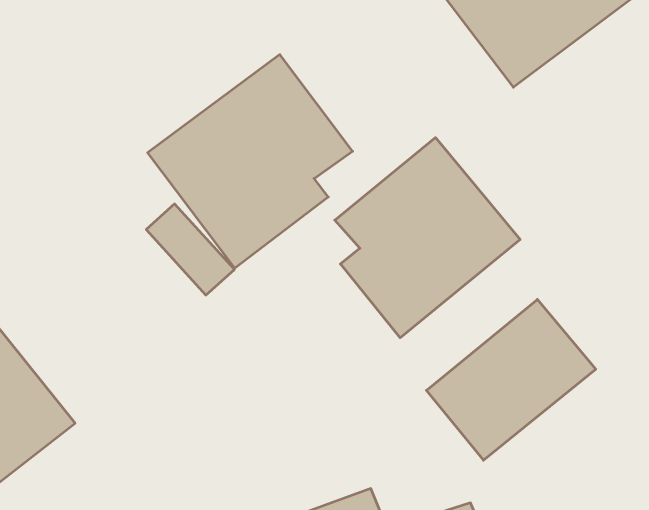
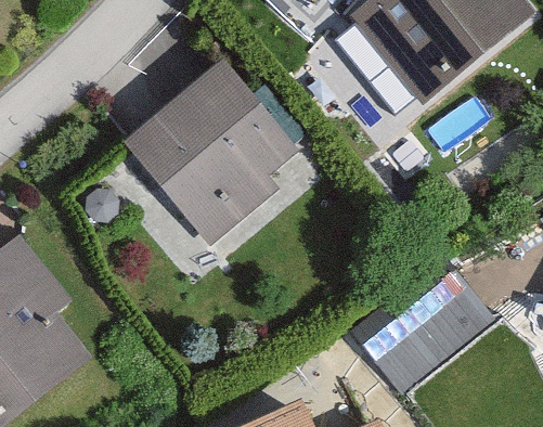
building: [335,138,520,338] -> none

